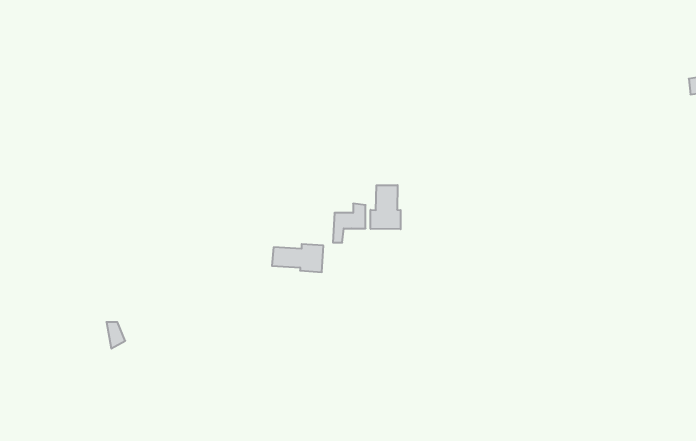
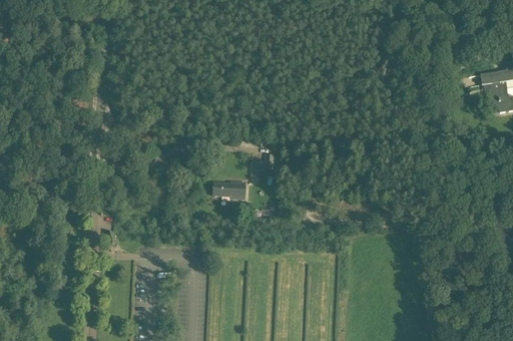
building: [371,185,401,229] -> none

